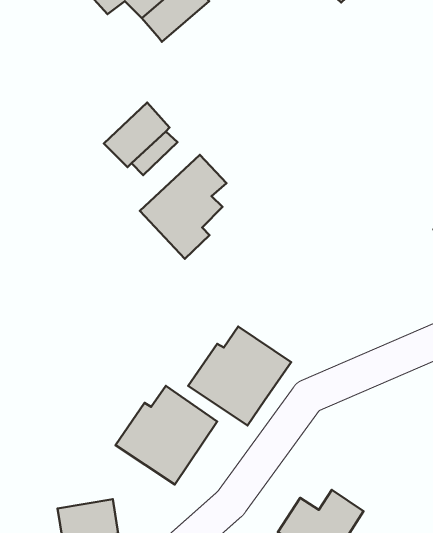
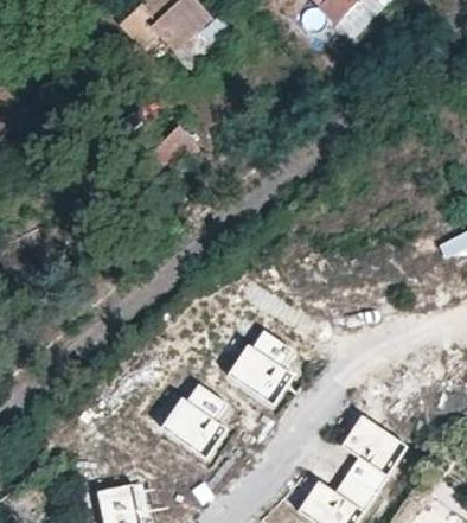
building: [140,155,227,259] -> none
building: none -> [340,416,405,493]

